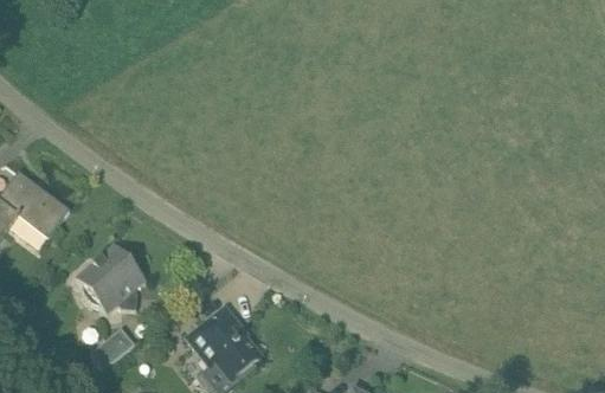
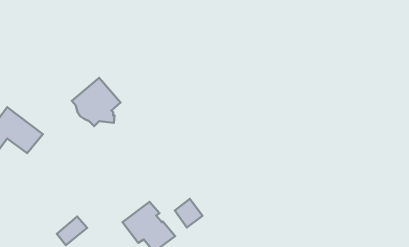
building: [77,244,147,314] -> [72,78,120,126]
building: none -> [175,199,203,227]

